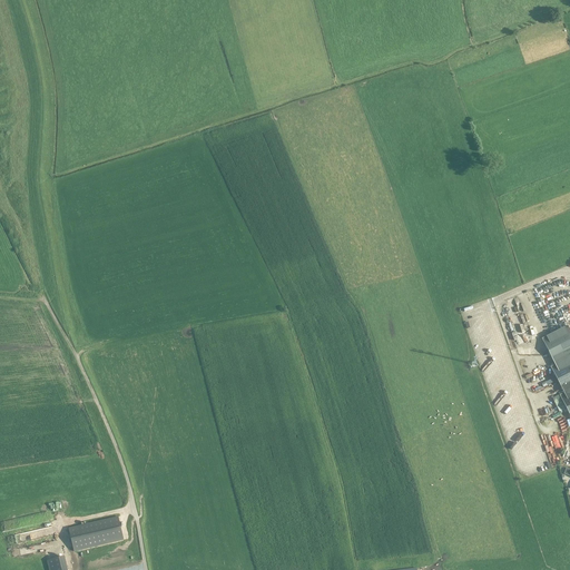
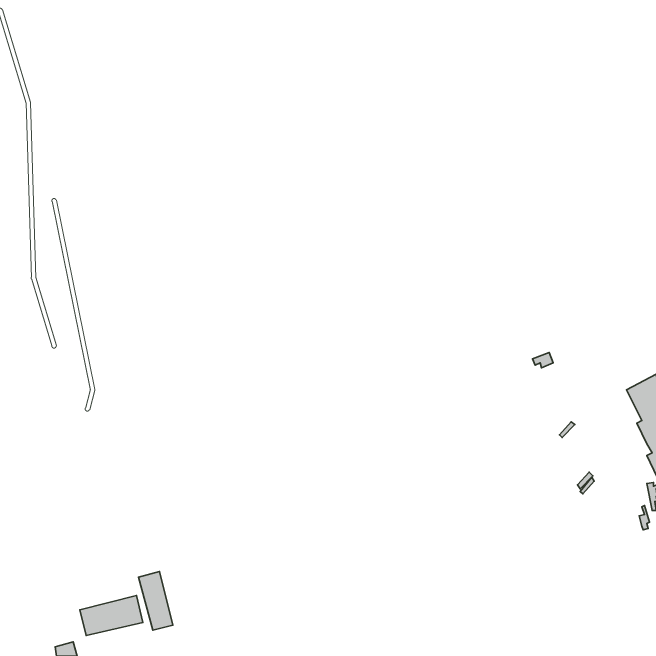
building: none -> [139,572,173,630]

